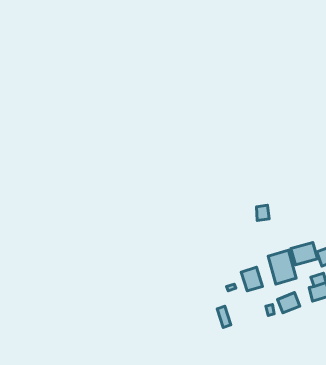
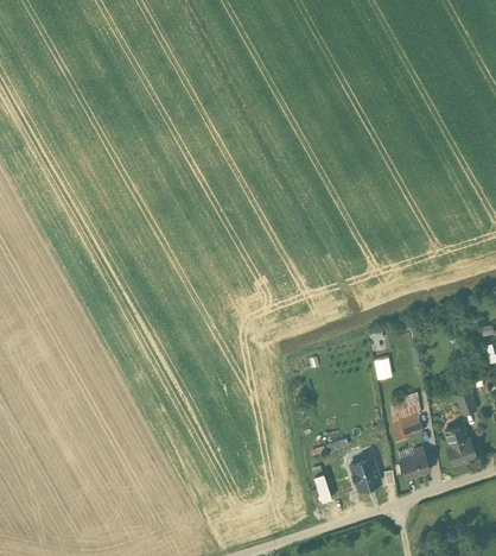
building: [291,243,318,265] -> none
building: [241,267,262,291] -> [349,456,379,489]

